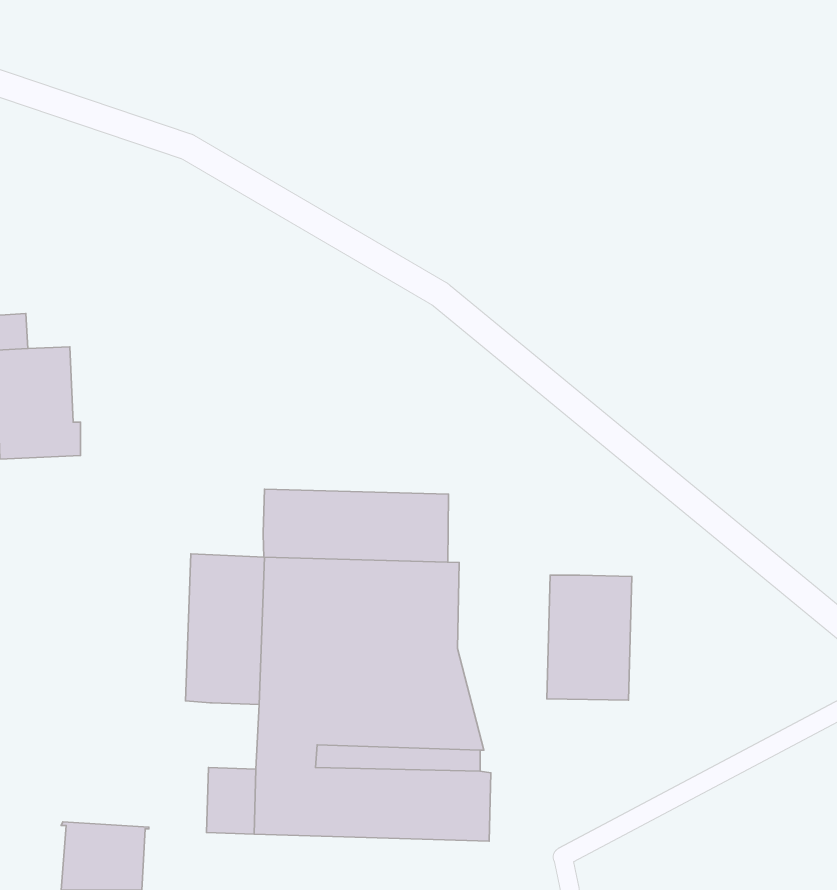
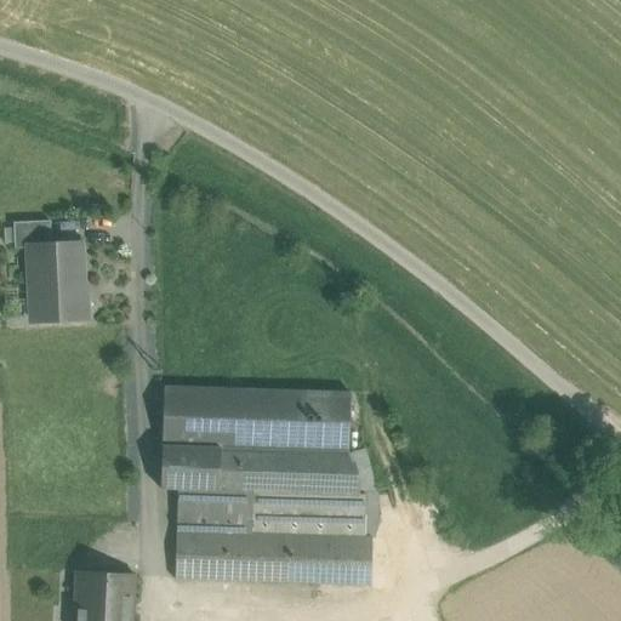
building: [263,489,449,562] -> none
building: [547,575,632,700] -> none
building: none -> [177,489,212,535]

